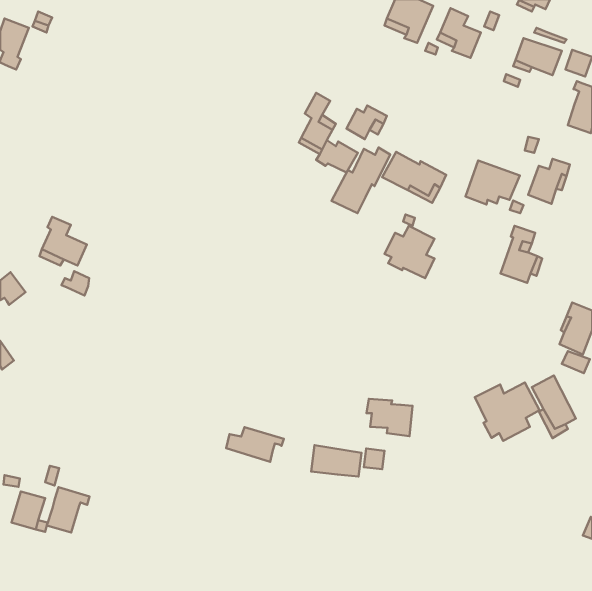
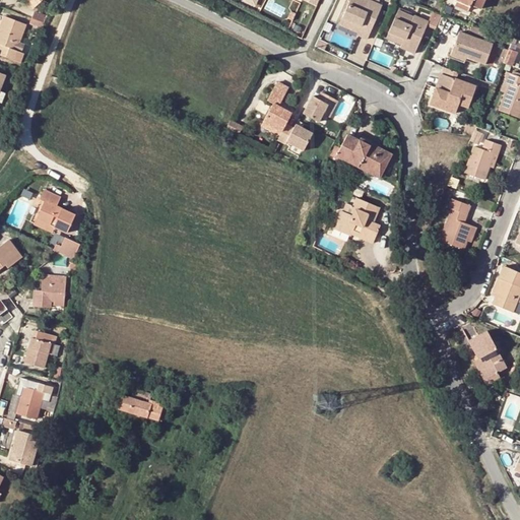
building: [332,147,390,213] -> none
building: [466,160,520,205] -> [429,74,476,113]
building: none -> [34,274,66,307]
building: none -> [25,330,59,367]
building: [475,382,539,441] -> none
building: [367,399,412,436] -> none
building: [226,427,284,462] -> [119,389,170,419]
building: [311,445,362,477] -> none
building: [47,487,90,533] -> [15,378,53,417]

